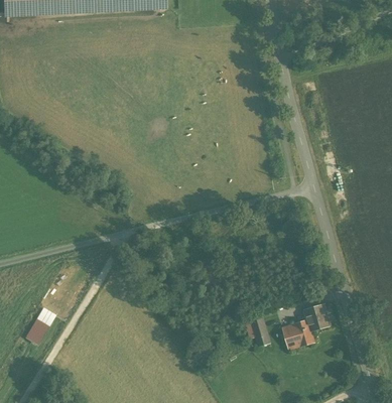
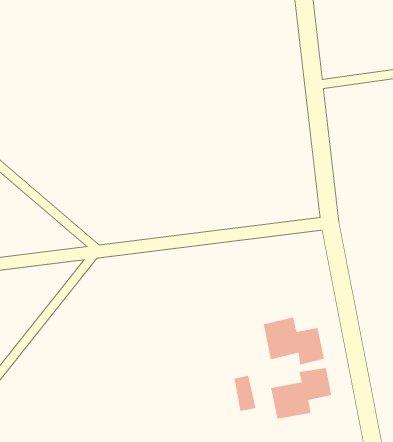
building: none -> [263,317,325,366]

